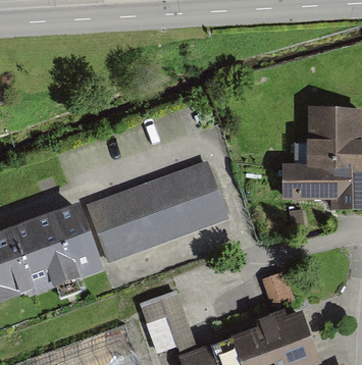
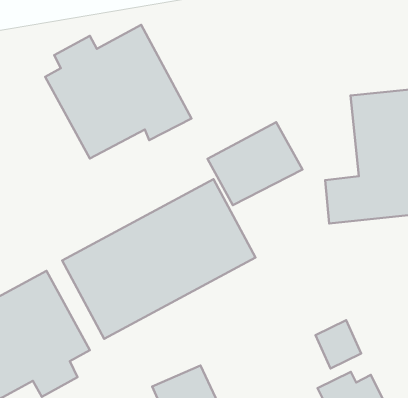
building: none -> [45,25,192,159]
building: none -> [208,122,303,205]

